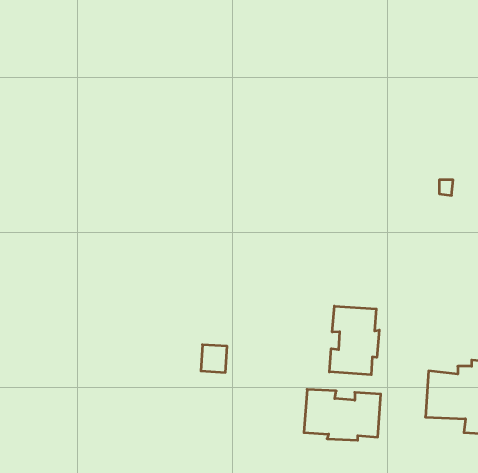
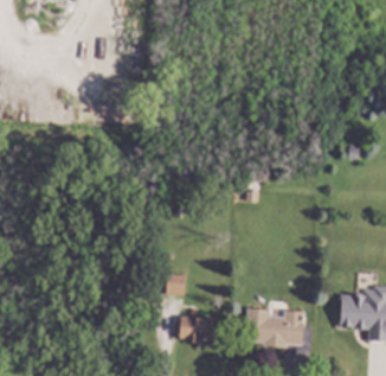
building: [329,306,379,375] -> none
building: none -> [176,316,214,343]

